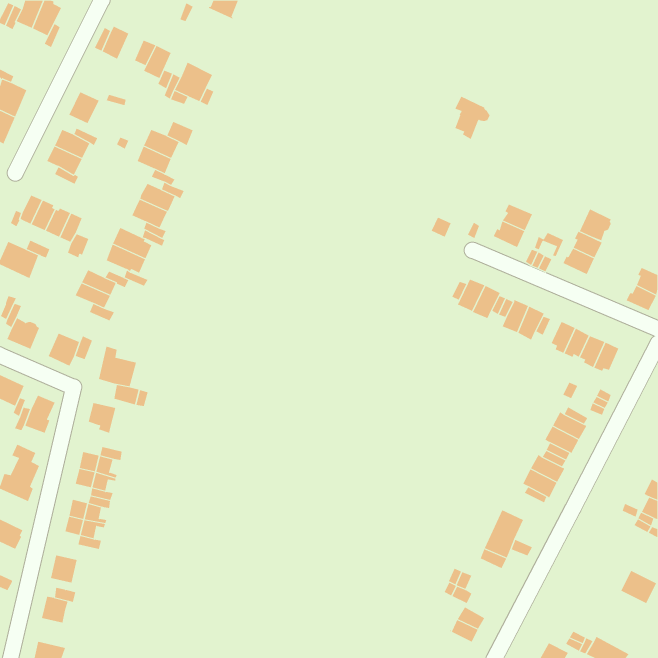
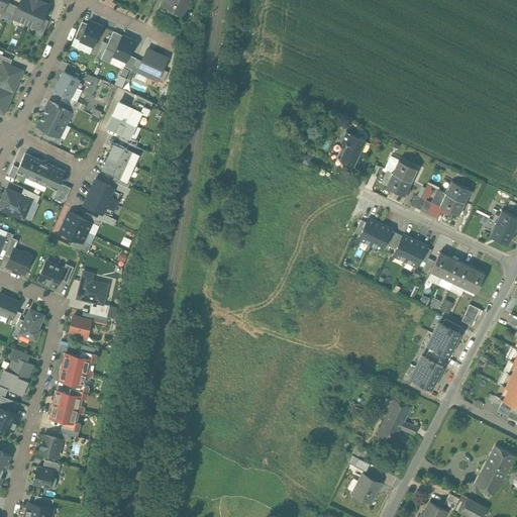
building: [454,96,490,140] -> [340,132,369,167]
building: [579,209,611,241] -> none
building: none -> [474,463,506,497]

